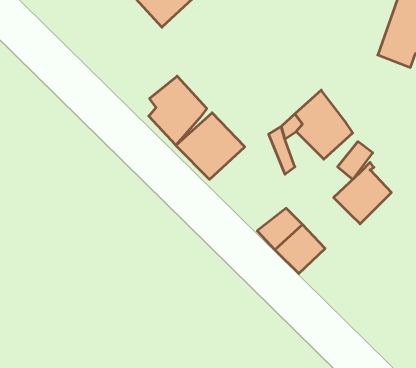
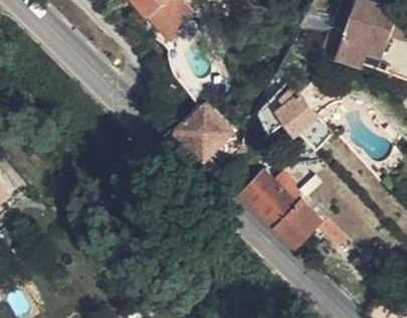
building: [149,76,207,145] -> none
building: [334,162,391,224] -> [272,201,319,251]

